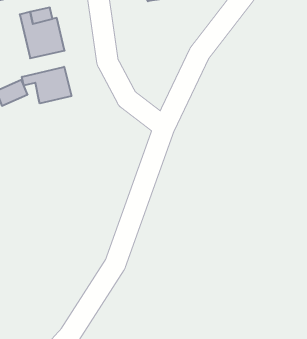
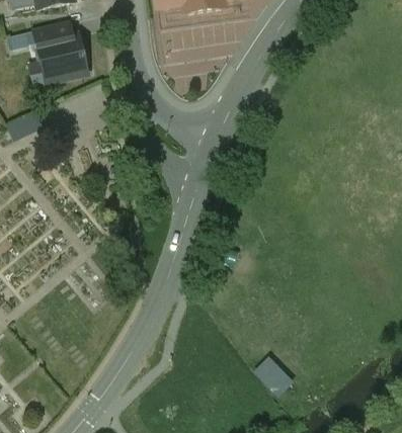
building: [22,67,71,103] -> none
building: none -> [252,354,294,396]

